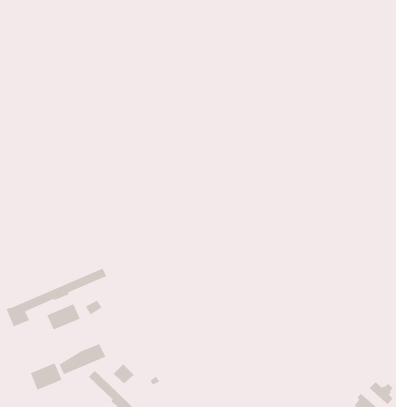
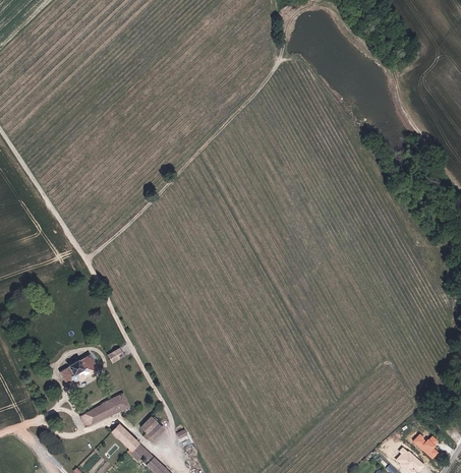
building: [6,268,107,327] -> none
building: [30,362,62,391] -> none

